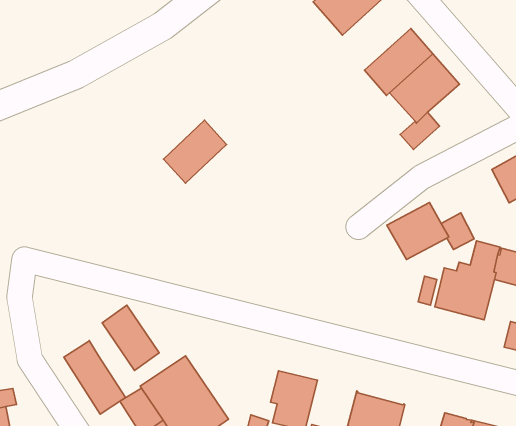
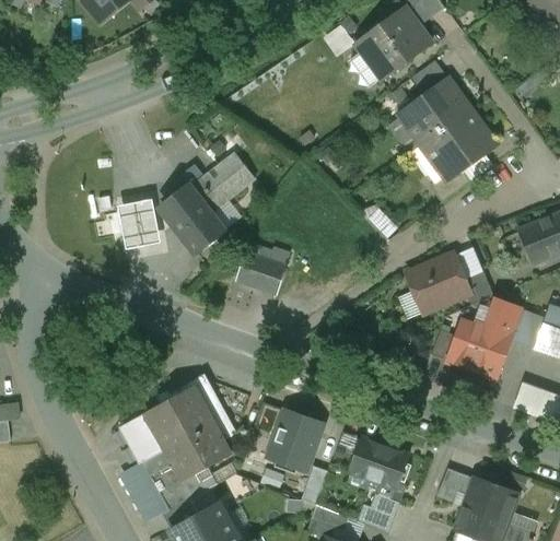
building: none -> [409,60,450,98]
building: none -> [160,186,222,251]
building: none -> [116,200,160,250]
building: none -> [236,252,285,294]
building: [102,305,159,370] -> none
building: [64,340,126,414] -> none

